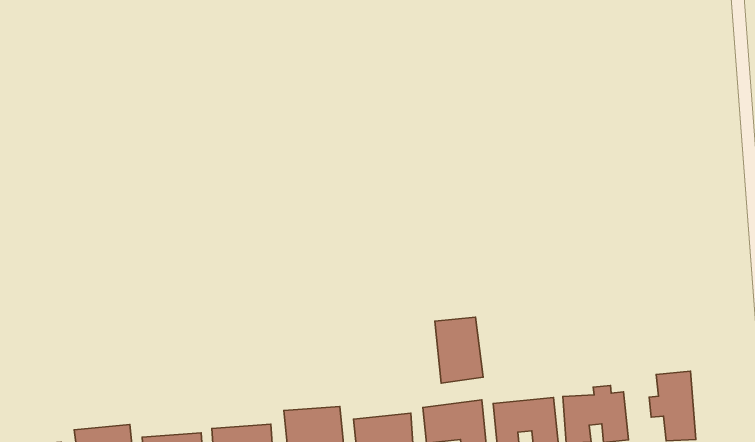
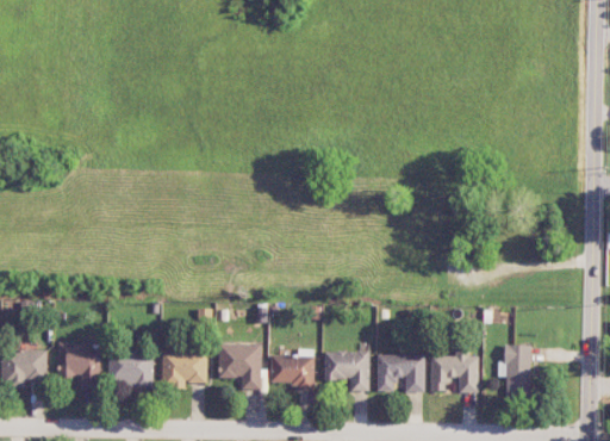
building: [435,317,483,383] -> none

